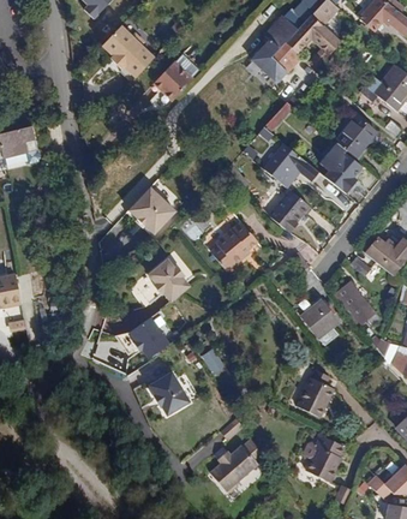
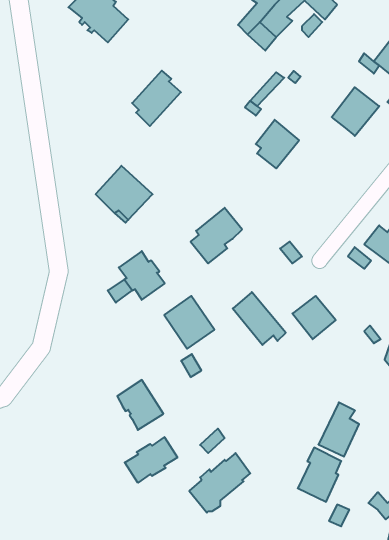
building: [155,52,198,101] -> [132,71,181,126]
building: [319,142,361,195] -> none
building: [268,189,309,231] -> none
building: [333,281,379,328] -> [233,292,286,345]
building: [131,318,175,365] -> [164,296,214,349]
building: [297,369,333,417] -> [318,402,359,457]
building: none -> [125,437,177,483]

